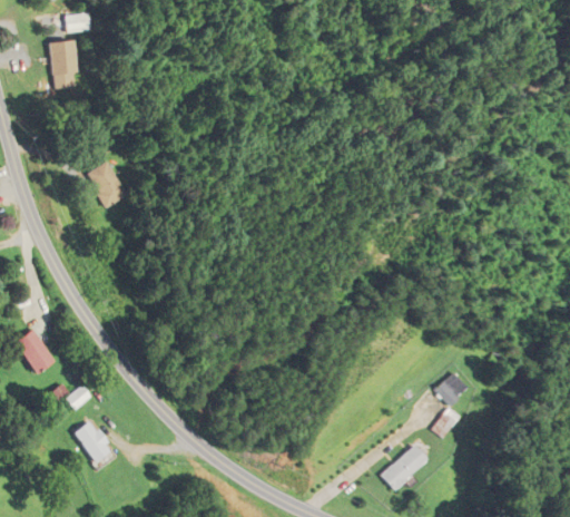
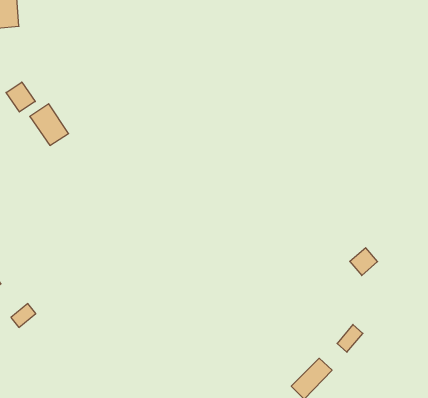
building: none -> [6,82,35,112]
building: [436,373,468,404] -> [350,248,378,276]
building: [76,420,112,462] -> none

